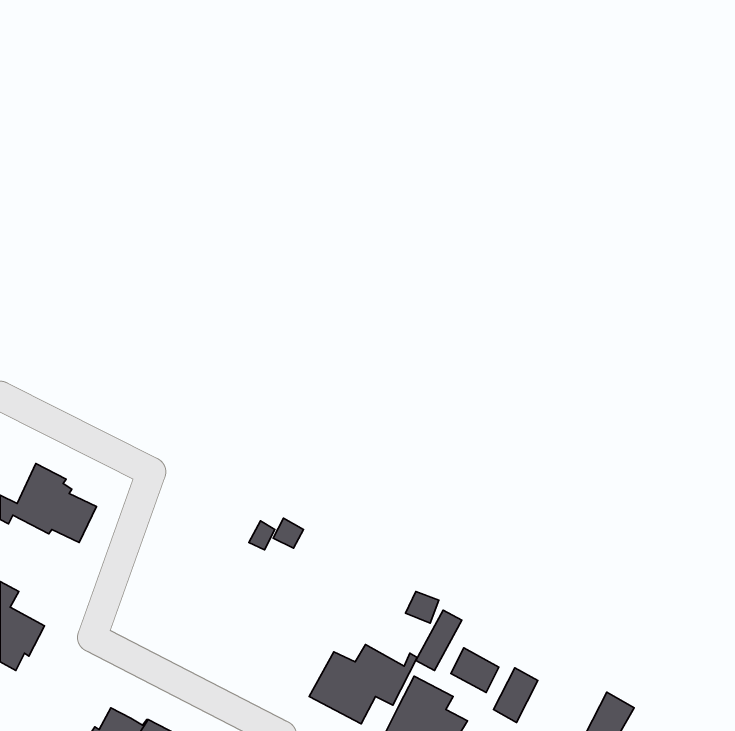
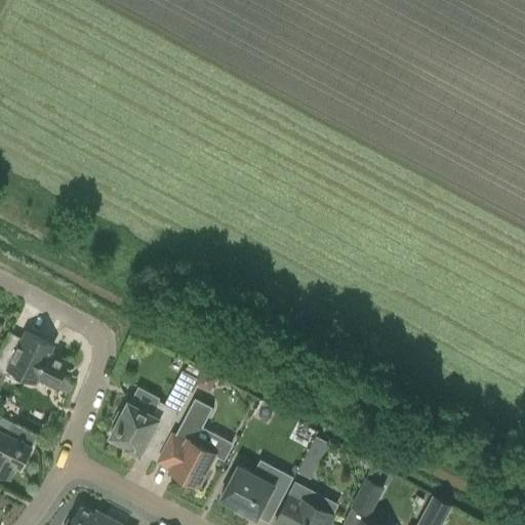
building: none -> [158,400,232,488]
building: none -> [110,403,179,457]
building: [451,648,499,693] -> none

